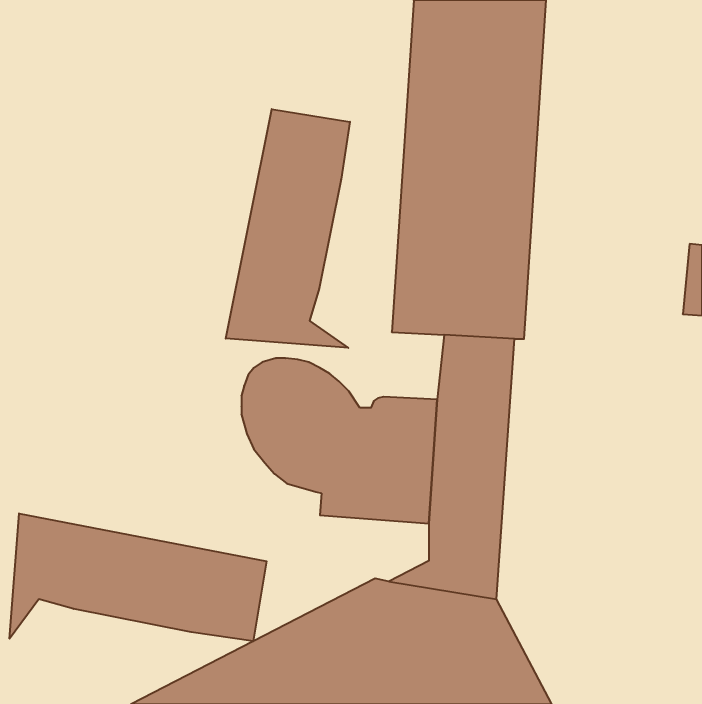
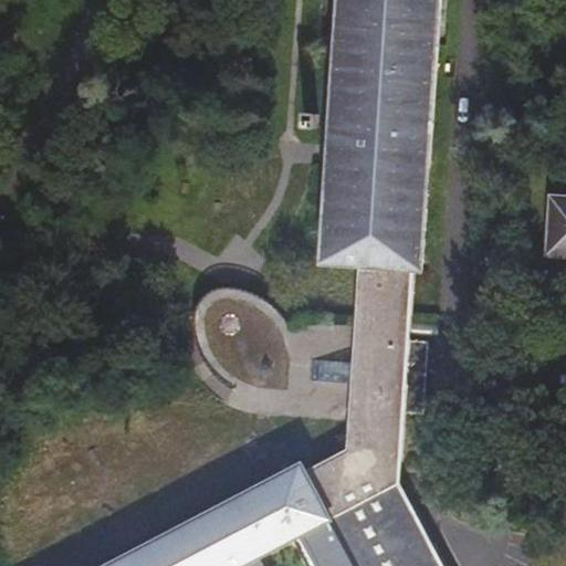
building: [226,109,350,348] -> none
building: [10,513,267,641] -> none

